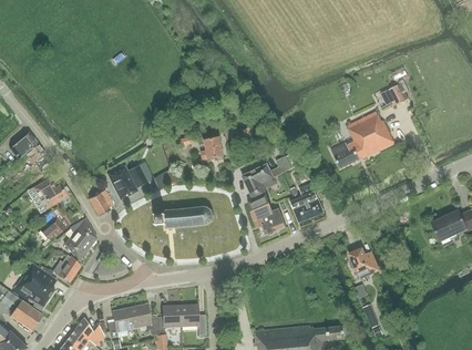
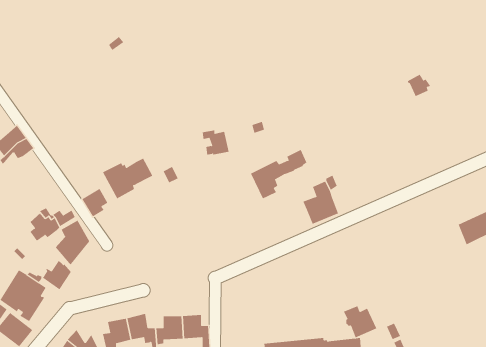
building: [331,110,394,167] -> none
building: [33,177,71,208] -> none
building: [248,193,285,233] -> none
building: [155,206,214,228] -> none
building: [349,248,380,278] -> [343,305,377,338]

